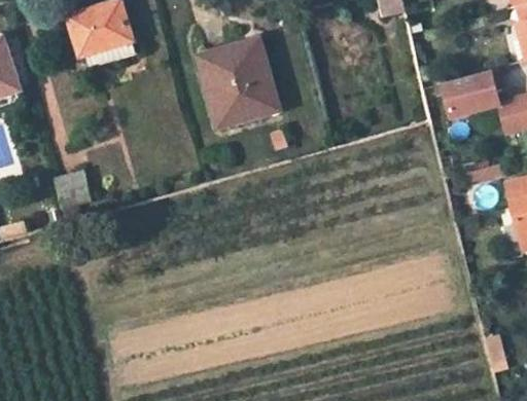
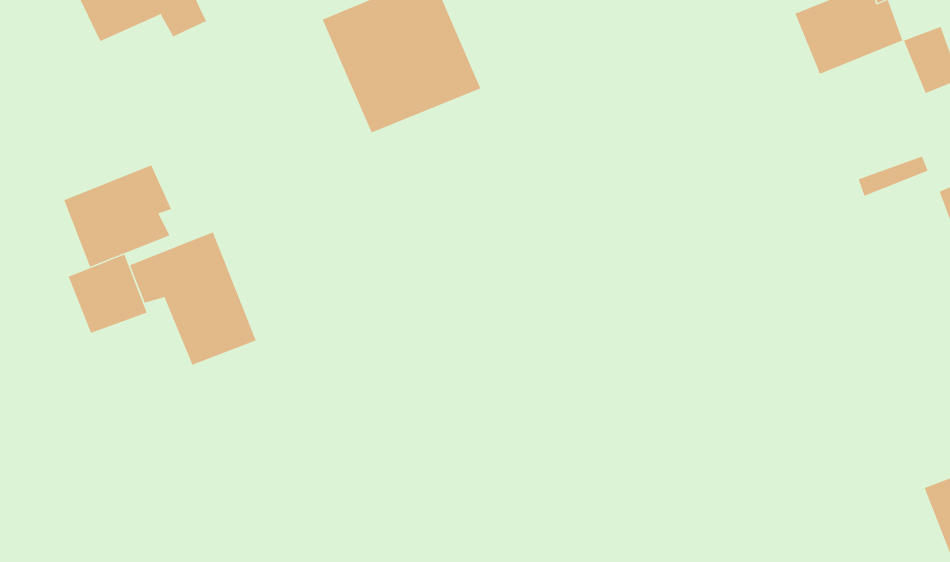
building: none -> [63,165,172,268]
building: none -> [129,231,257,366]

